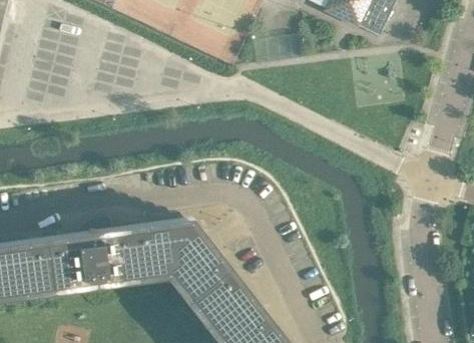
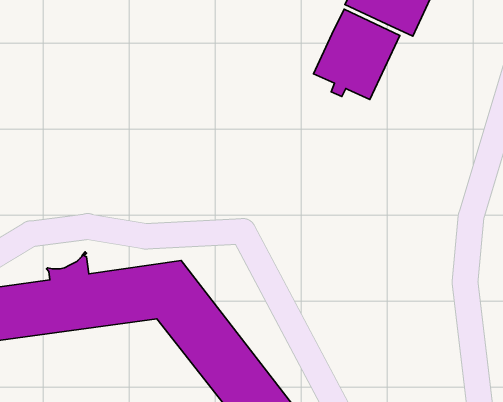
building: none -> [313,9,400,100]

